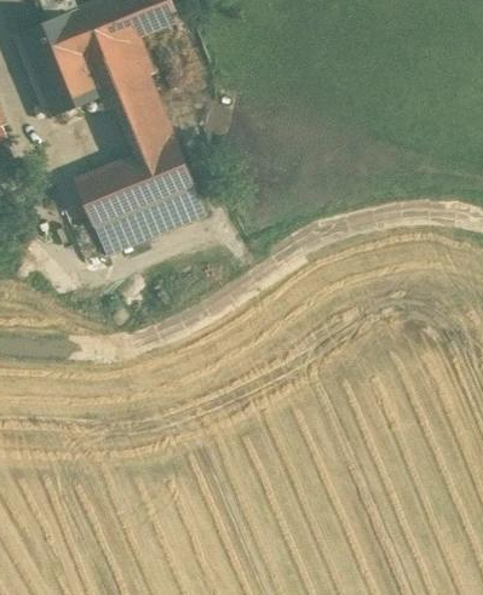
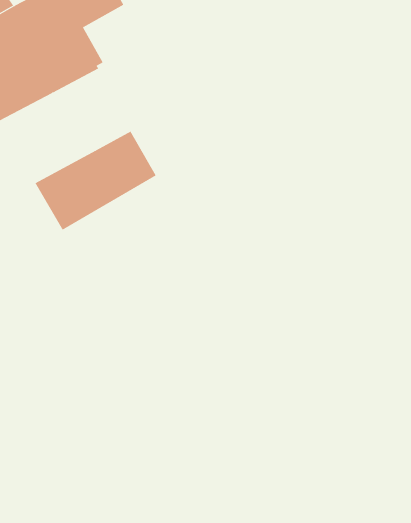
building: [103,76,172,153] -> none
building: [97,183,205,253] -> none

